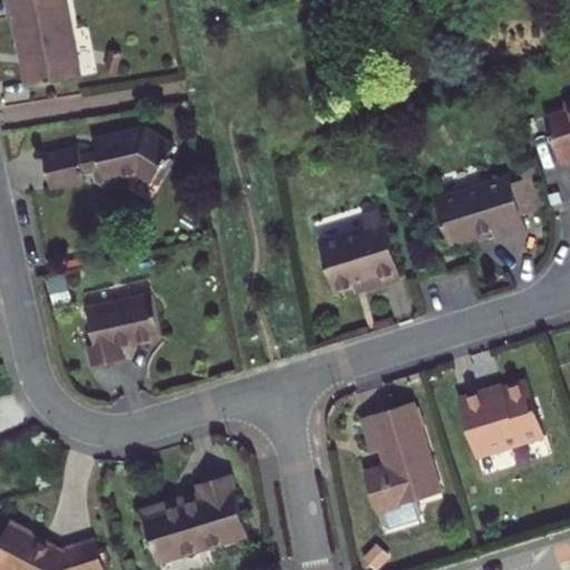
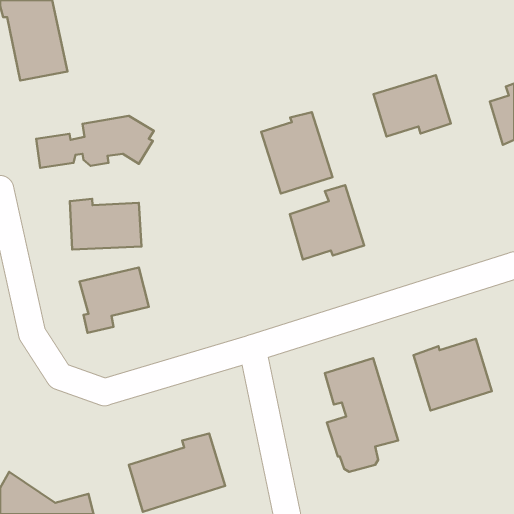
building: none -> [261,112,333,194]
building: [435,175,521,243] -> [373,75,451,137]
building: none -> [70,199,141,249]

